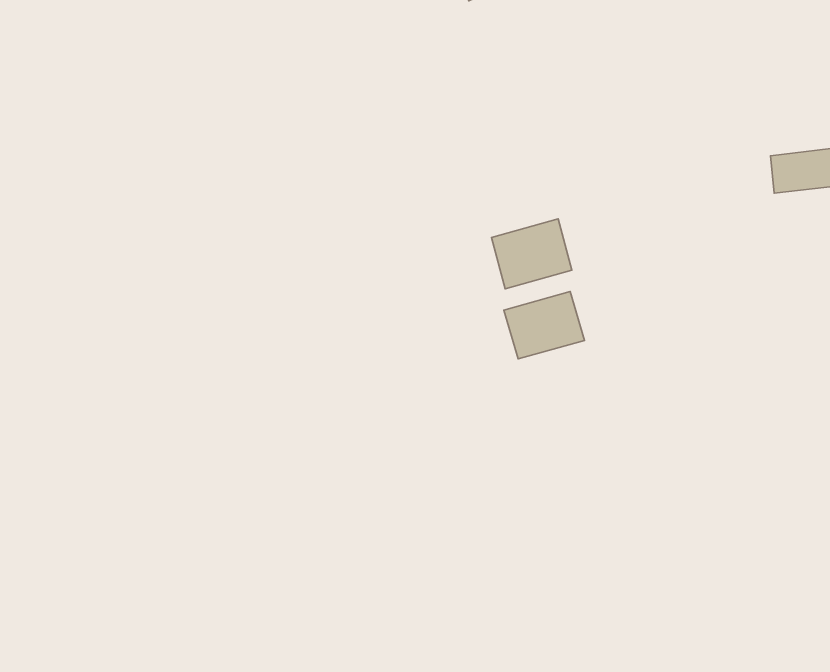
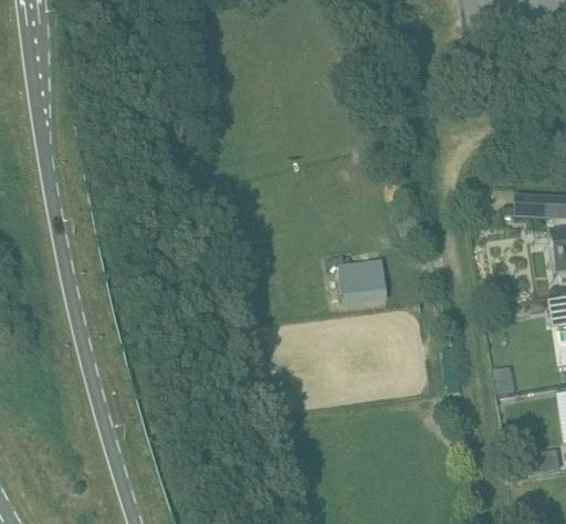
building: [491,219,572,289] -> none

